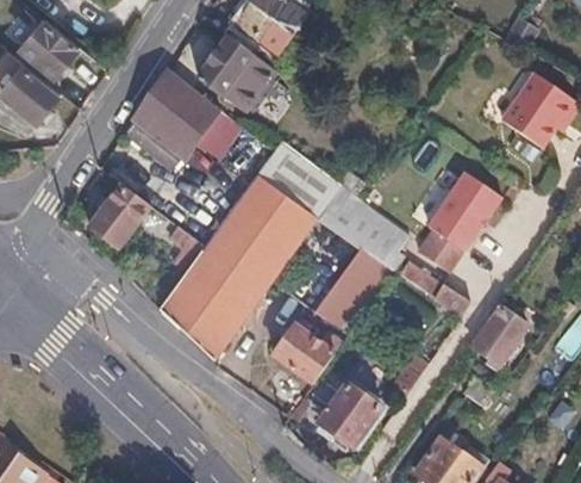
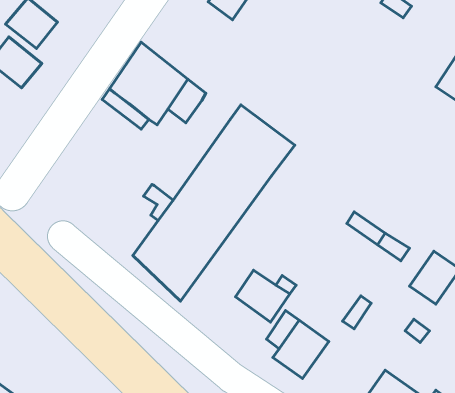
building: [198,36,274,111] -> none
building: [413,172,501,279] -> none
building: [88,184,149,248] -> none
building: [316,185,410,338] -> none

